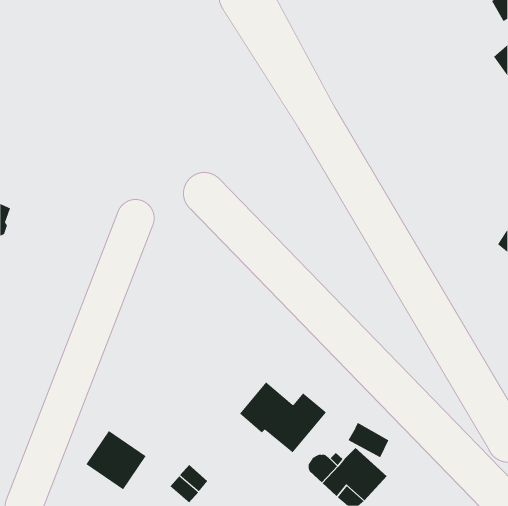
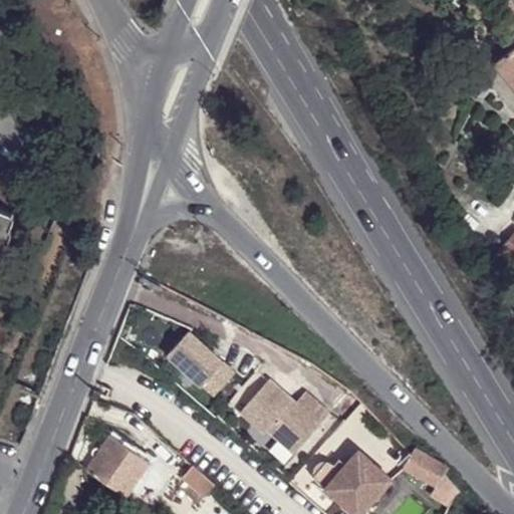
building: none -> [166,332,235,401]
building: [347,422,389,458] -> [404,450,446,486]

